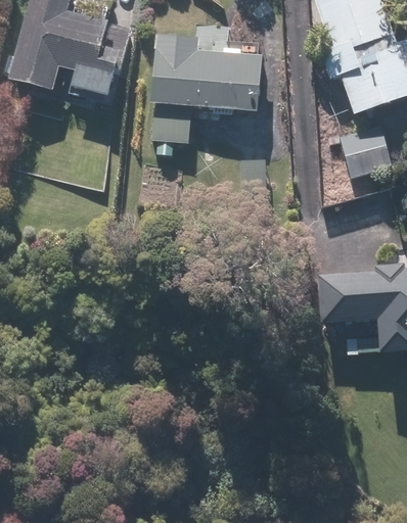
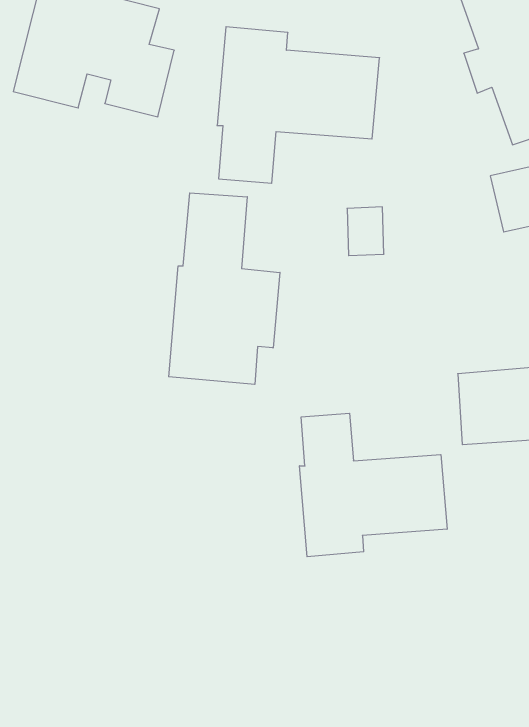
building: none -> [169,193,280,384]
building: none -> [300,413,447,557]

